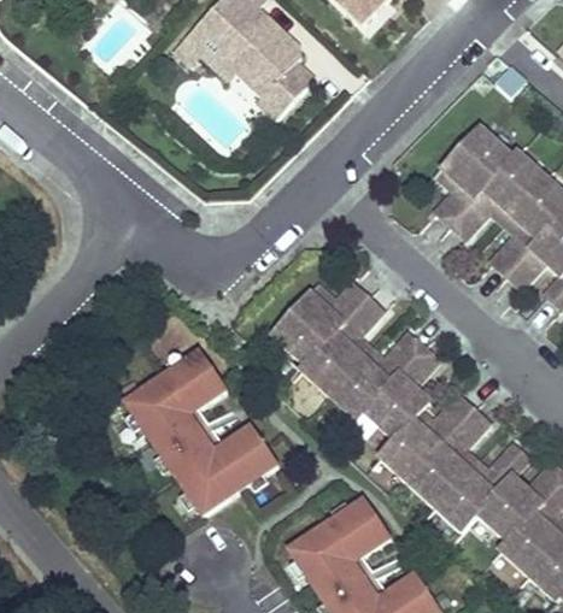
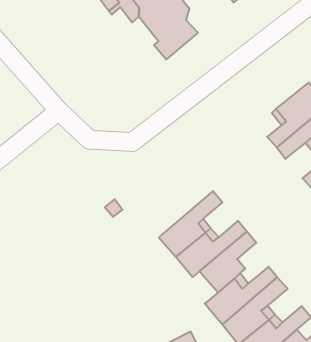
building: [271,282,366,365] -> none
building: [125,349,278,515] -> none

